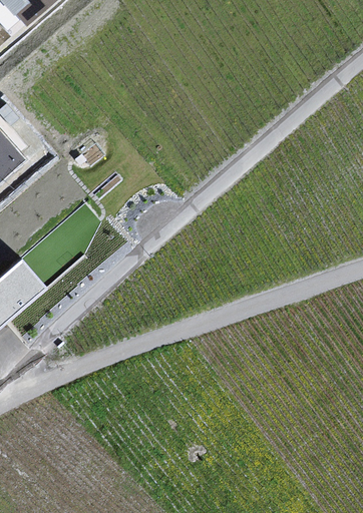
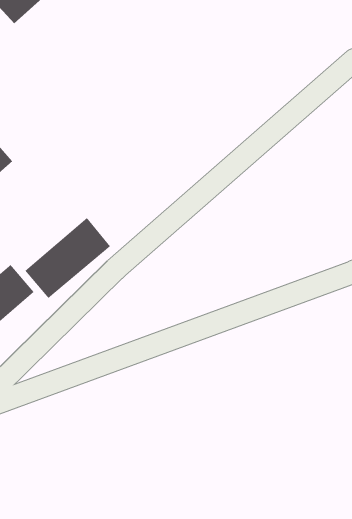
building: none -> [24,217,111,299]

